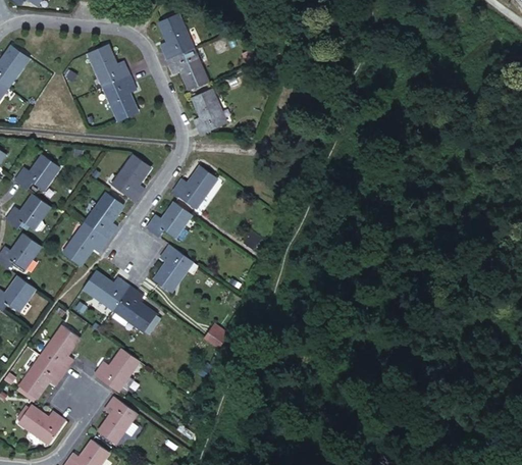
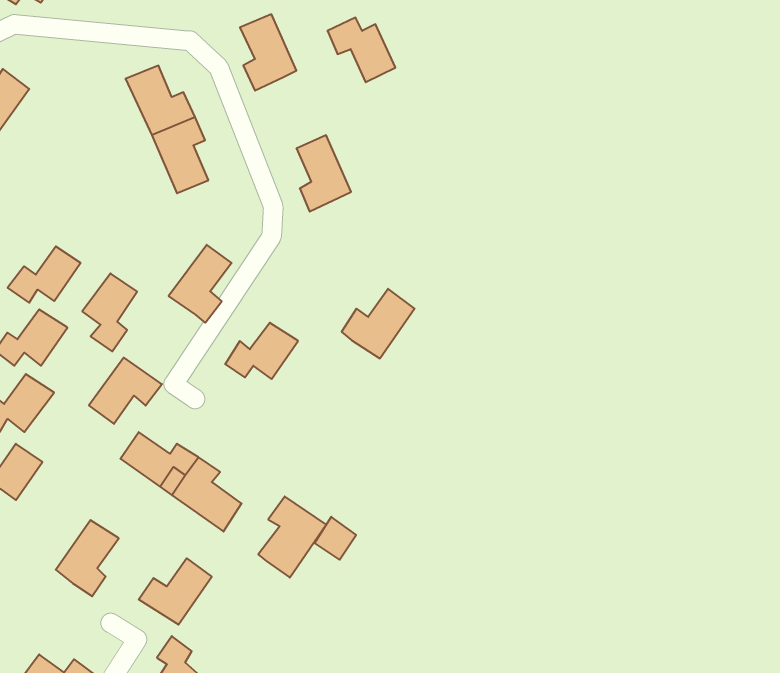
building: [165,52,207,92] -> [327,18,395,82]
building: [172,165,217,208] -> [342,289,415,358]
building: [90,193,123,241] -> [82,273,137,351]
building: [153,244,195,294] -> [258,496,326,578]
building: [20,362,65,399] -> none

